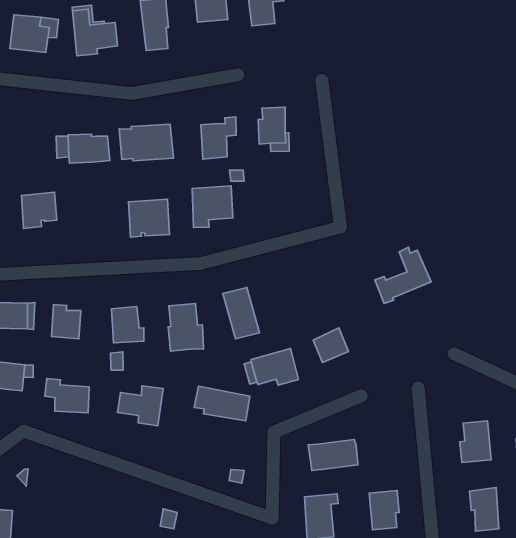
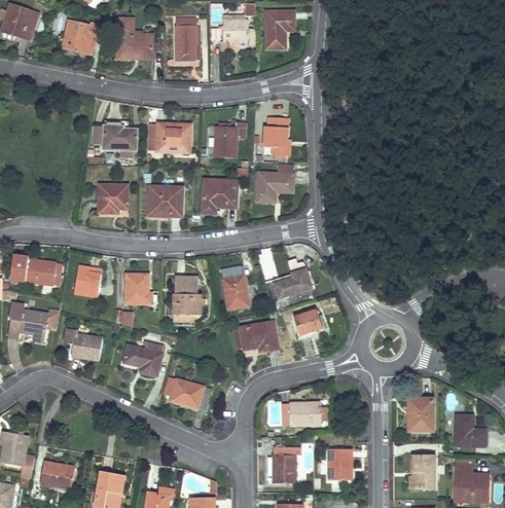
building: none -> [256,164,294,203]
building: [22,192,57,228] -> [99,185,128,213]
building: [375,247,431,303] -> [265,258,313,303]
building: [194,386,250,421] -> [164,377,211,410]

